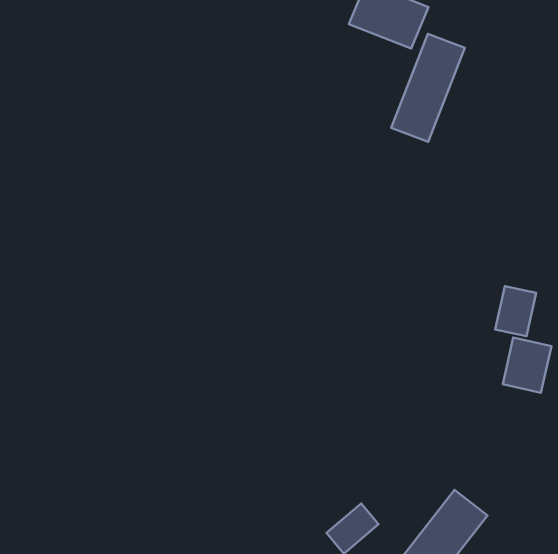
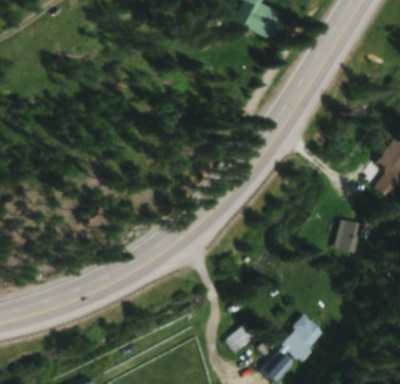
building: [391,34,465,142] -> none
building: [495,286,536,336] -> none

